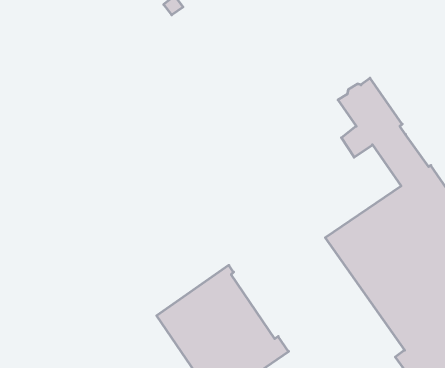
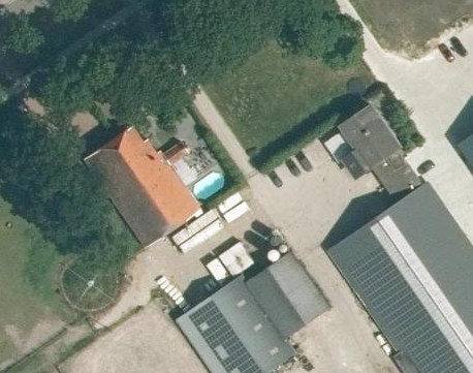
building: none -> [84,128,198,248]
building: none -> [246,252,330,341]

